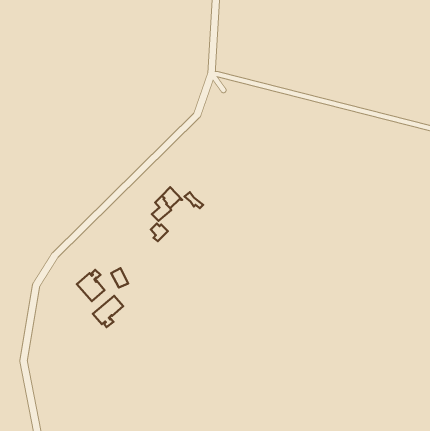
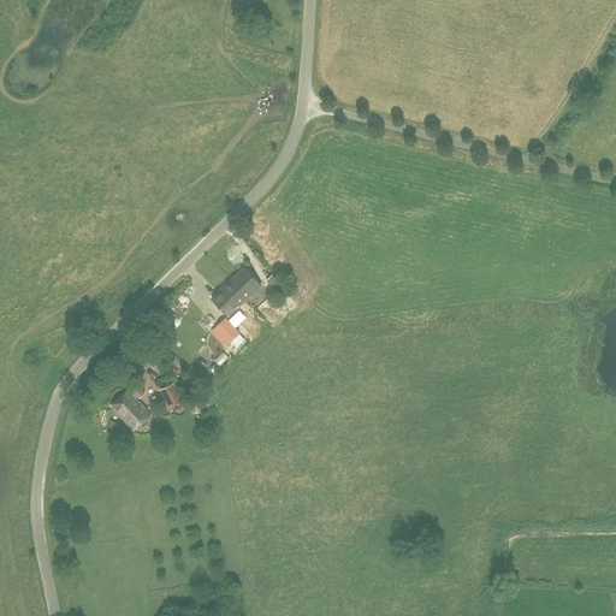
building: [93,296,123,327] -> none

